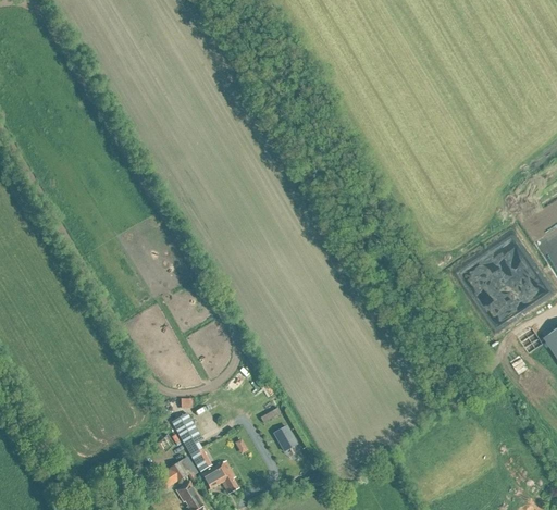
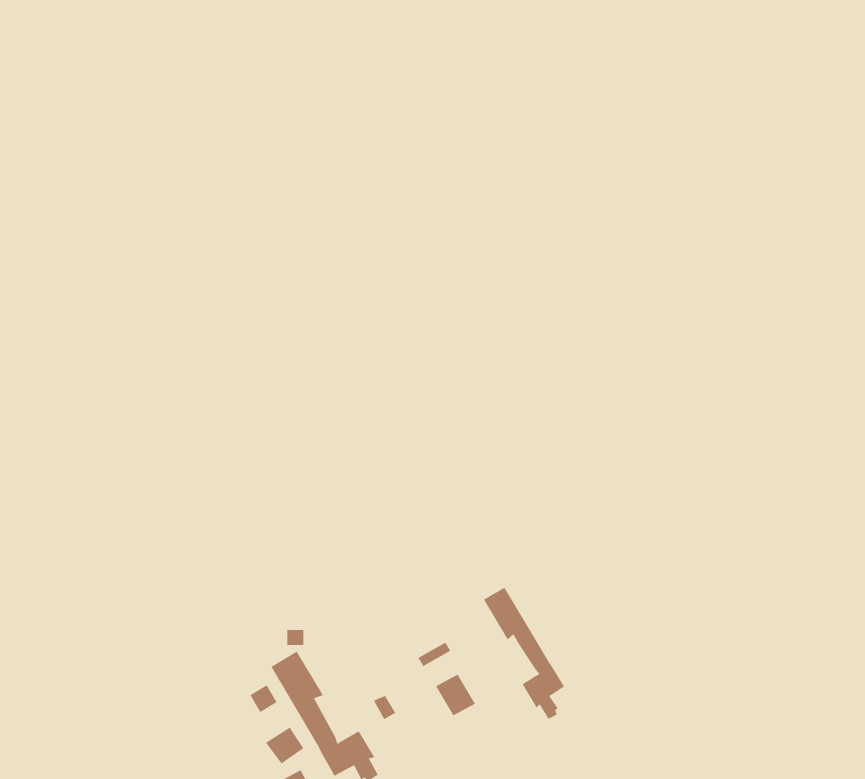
building: none -> [483,587,565,719]

